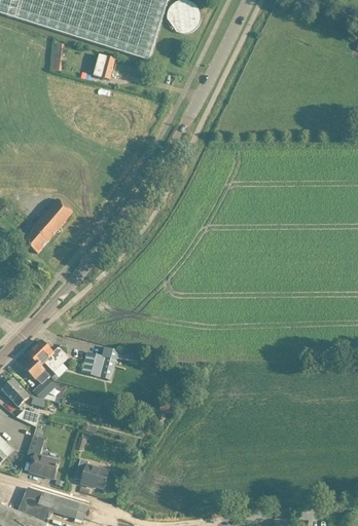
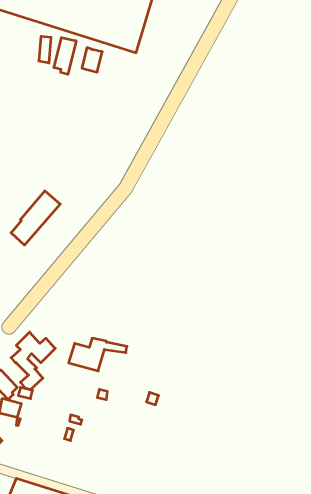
building: none -> [54,38,76,74]
building: [28,435,58,479] -> none
building: [74,458,108,487] -> none

